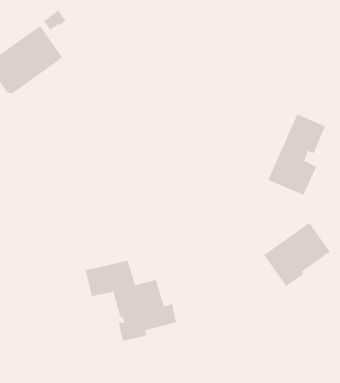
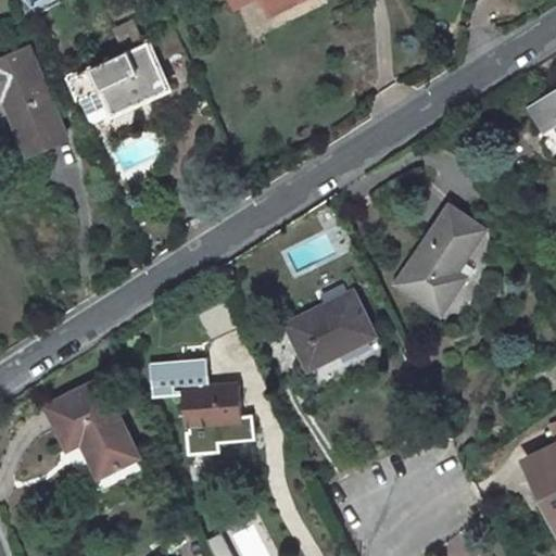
building: [263,222,331,287] -> [287,293,372,369]
building: none -> [46,379,135,473]

